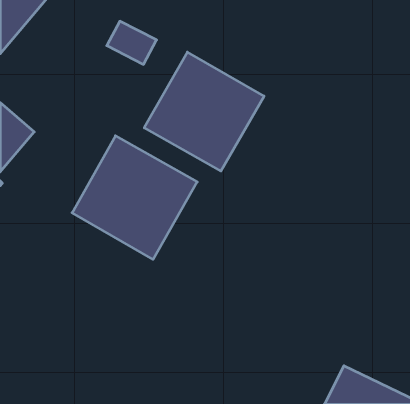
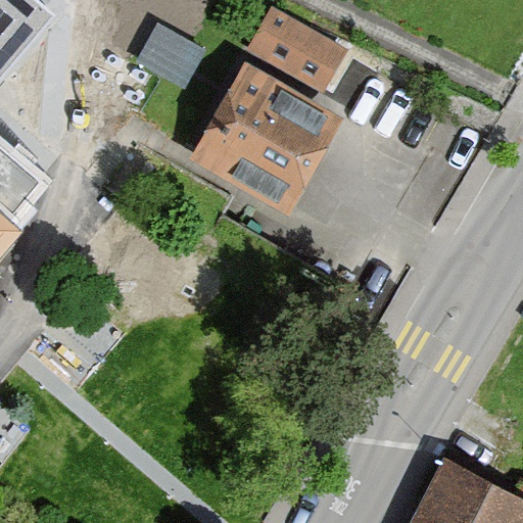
building: none -> [249,10,344,93]
building: [72,136,197,259] -> none

